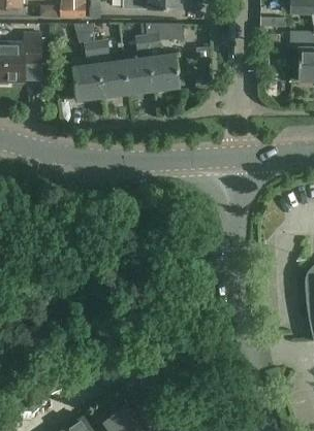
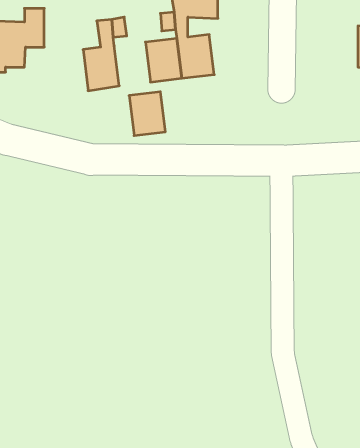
building: [98,60,128,96] -> [129,92,165,136]

